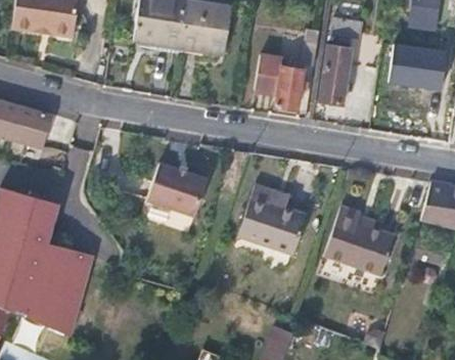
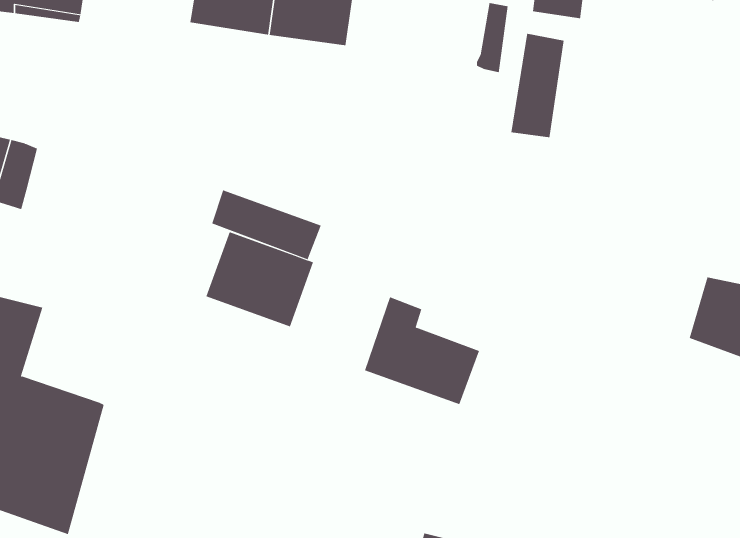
building: [401,52,437,89] -> none
building: [253,56,304,109] -> none
building: none -> [211,189,322,260]
building: [327,207,397,273] -> none

